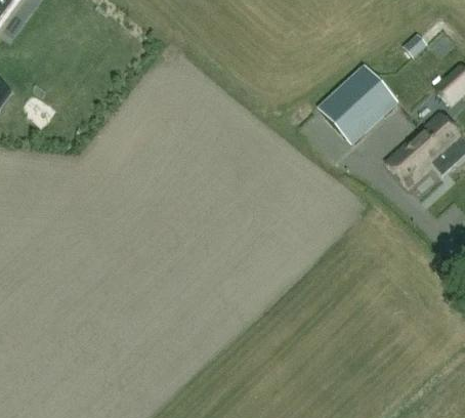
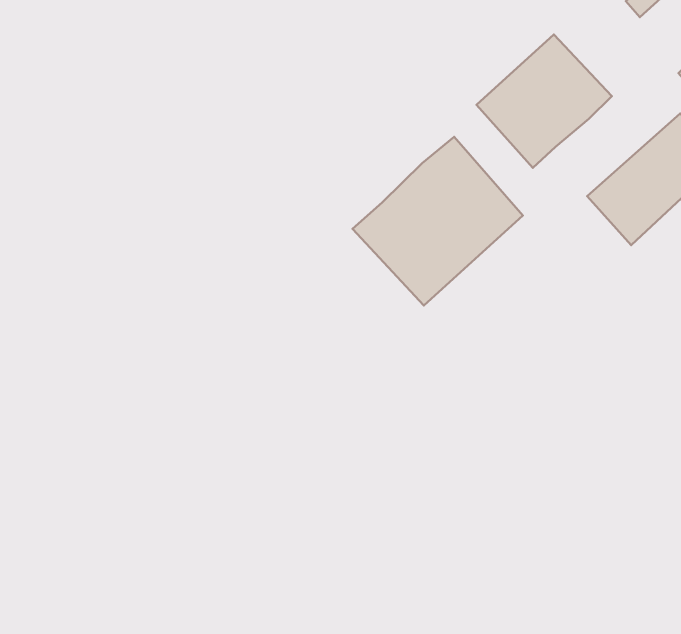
building: none -> [353,137,523,305]

